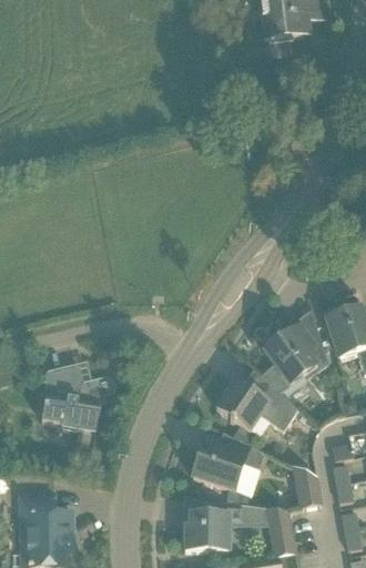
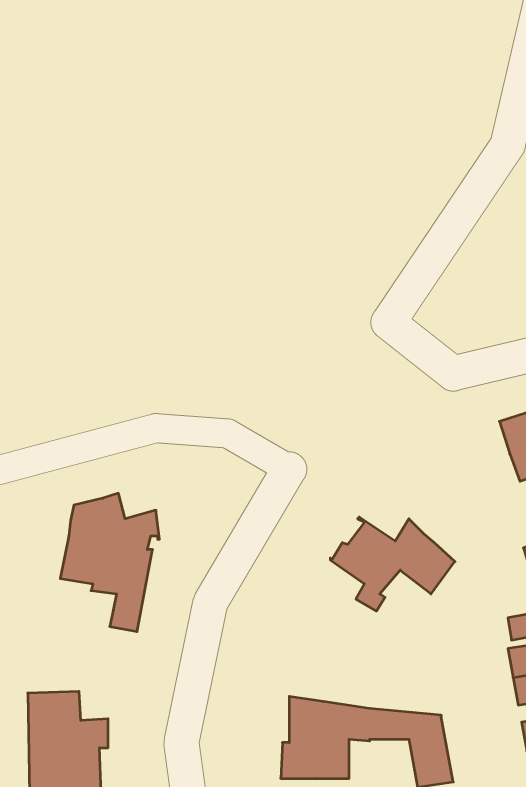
building: [260,317,327,390] -> none
building: [192,435,264,489] -> none
building: [291,463,322,506] -> none

